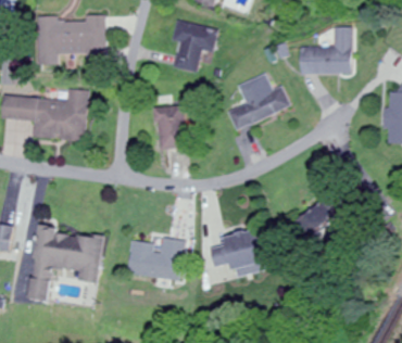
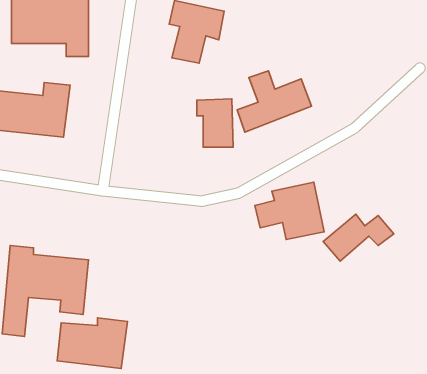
building: [299,27,351,73] -> none
building: [154,106,185,147] -> [197,99,233,147]
building: [212,228,269,276] -> [255,182,324,240]
building: [129,237,188,279] -> [57,318,128,368]

